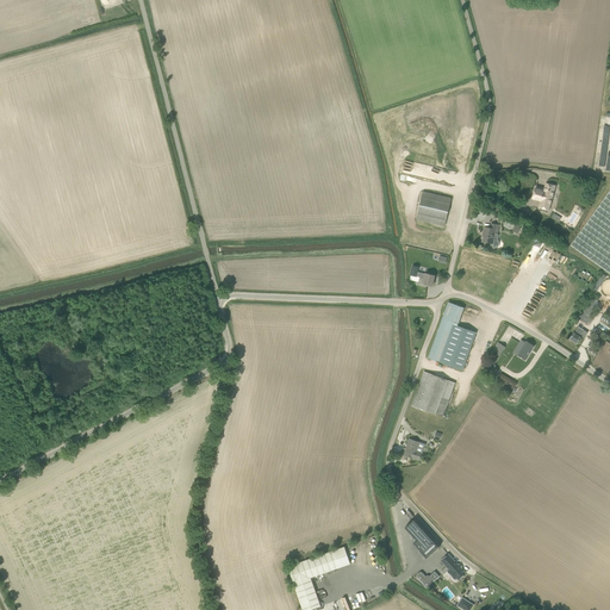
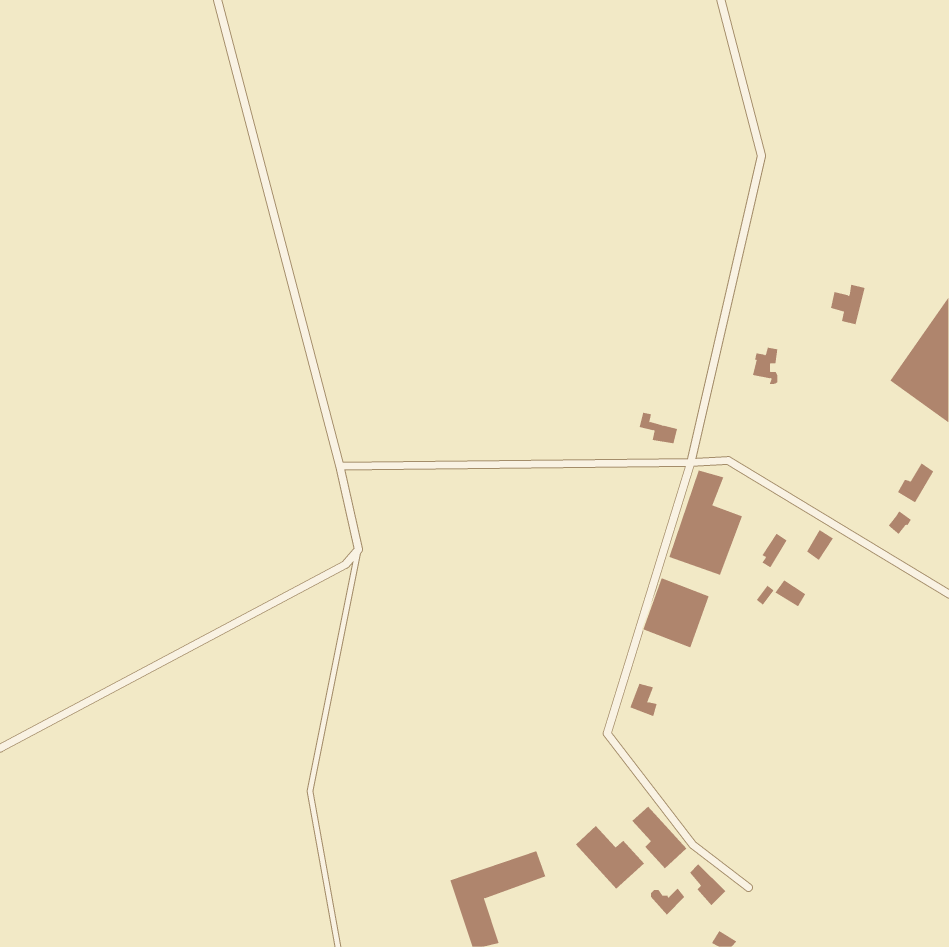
building: [417,191,452,225] -> none
building: none -> [575,825,645,890]

